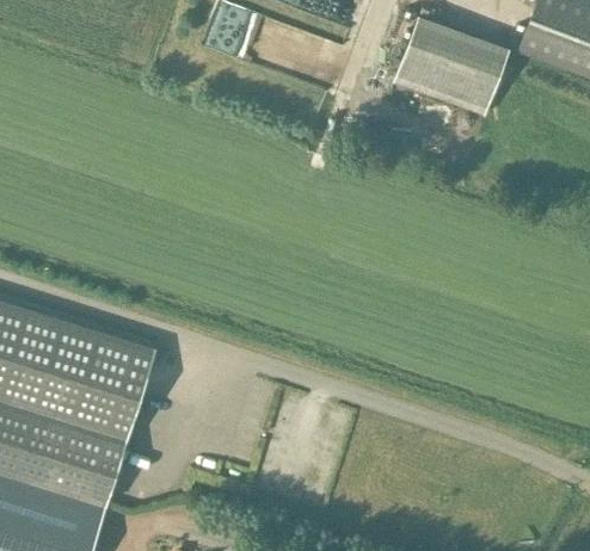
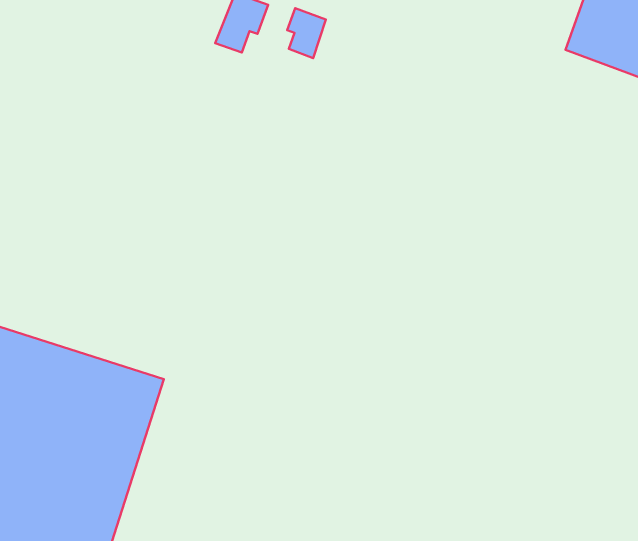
building: none -> [287,8,326,58]
building: [392,16,509,116] -> none

